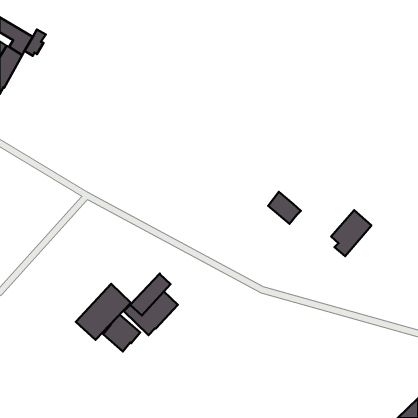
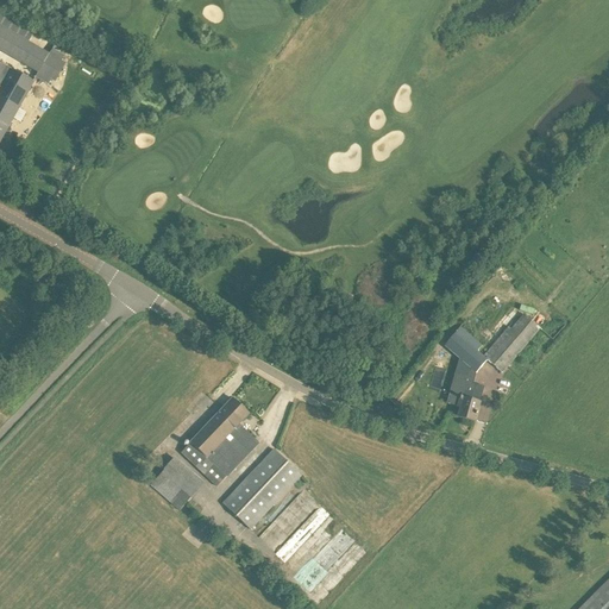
building: [268,192,301,224] -> [444,325,491,371]
building: none -> [447,372,483,420]
building: [76,284,131,340] -> [221,447,301,528]

